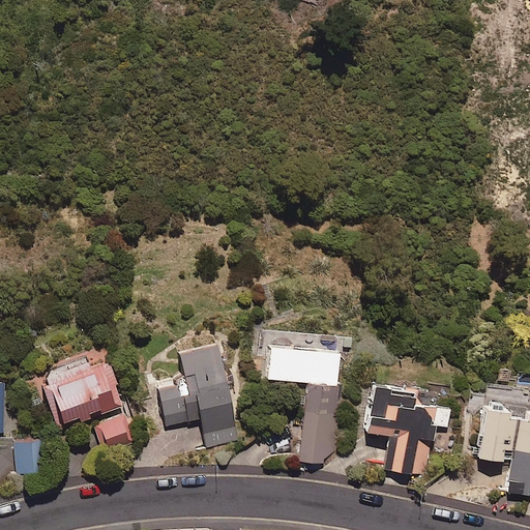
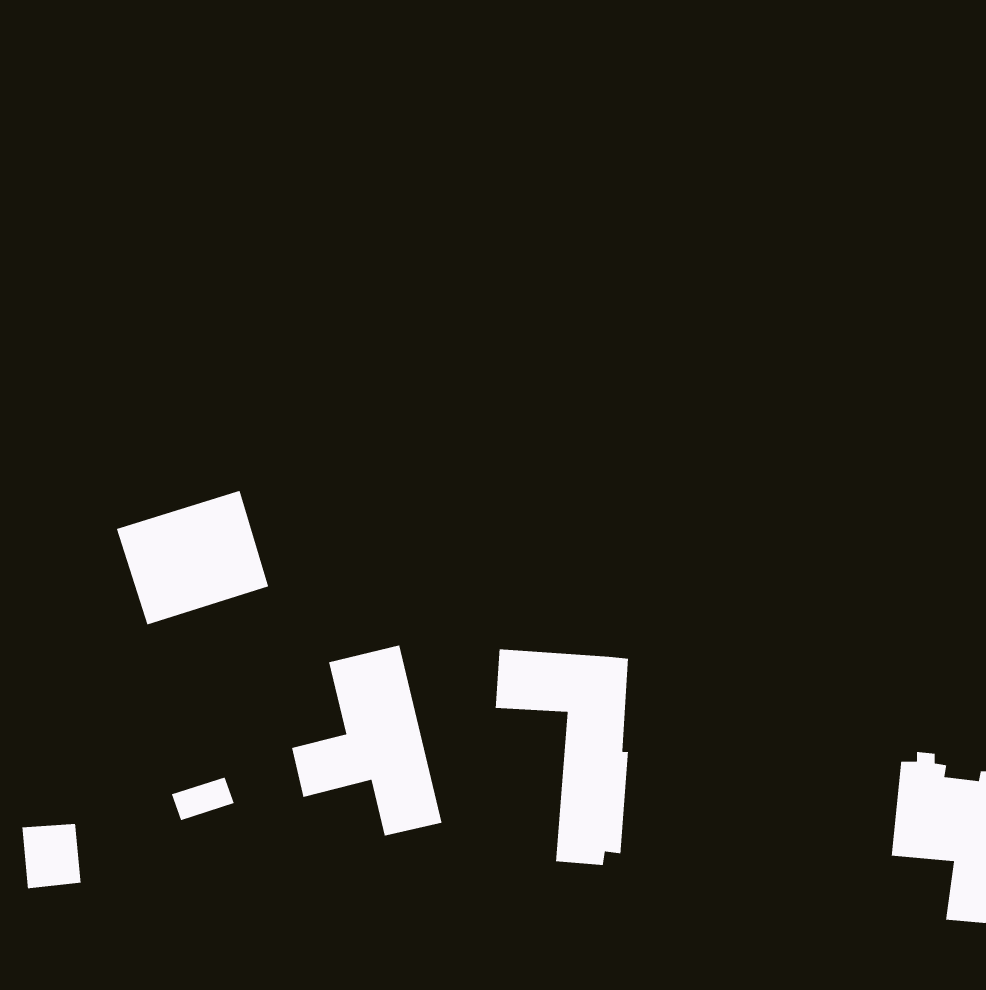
building: [40,355,122,428] -> [116,490,269,626]
building: [365,385,450,474] -> none

